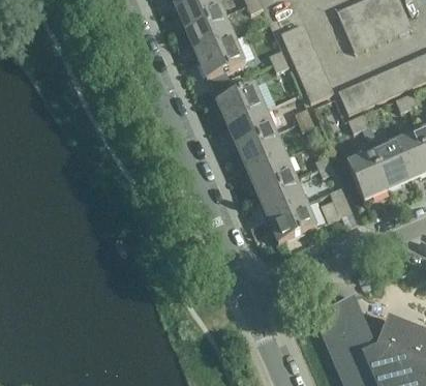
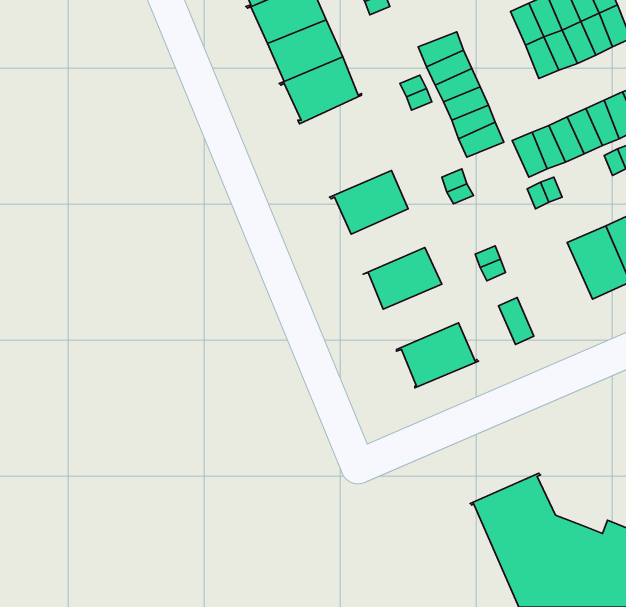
building: [216,84,264,125] -> none
building: [239,132,284,173] -> none
building: [347,153,388,201] -> none
building: [258,179,305,219] -> none

